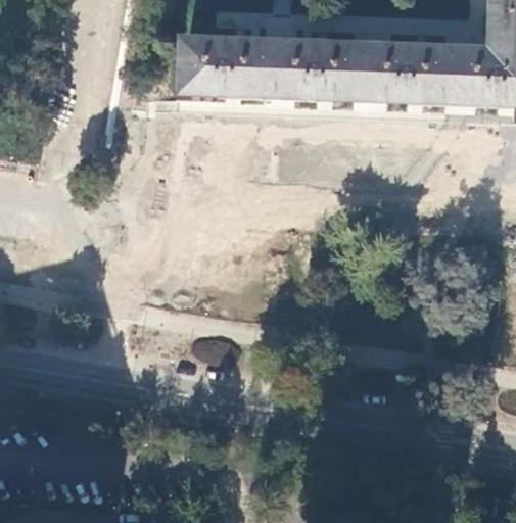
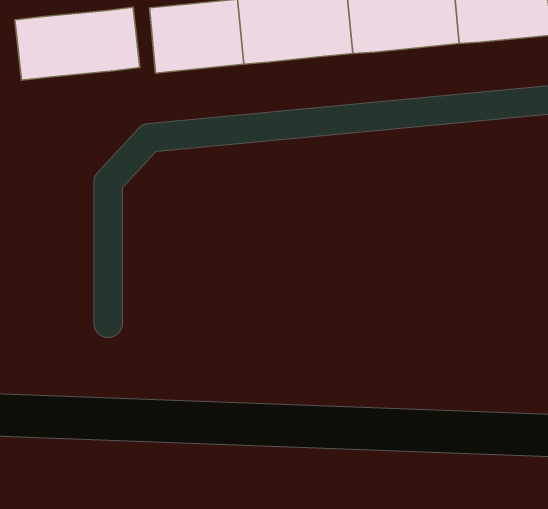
building: none -> [15,7,140,80]

